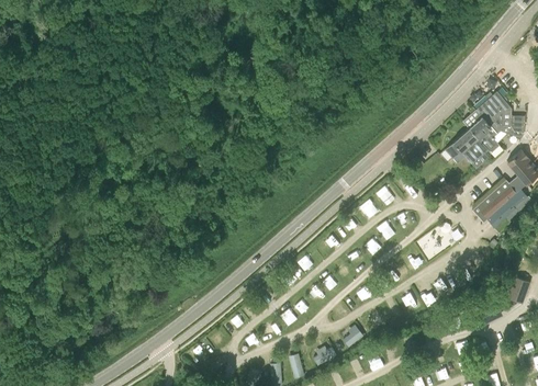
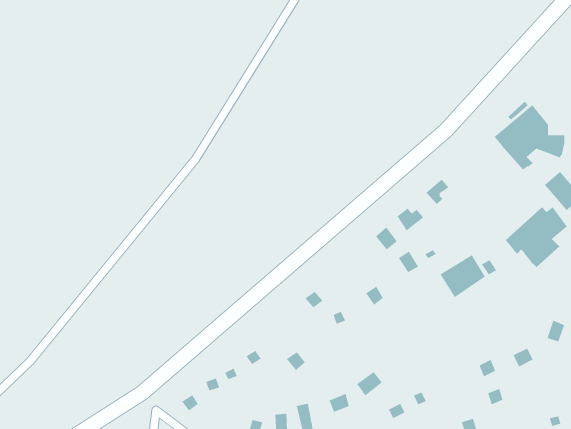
building: [444,128,486,169] -> none

